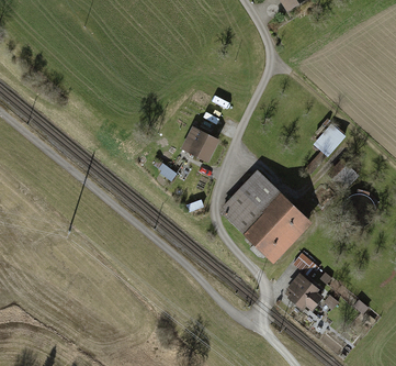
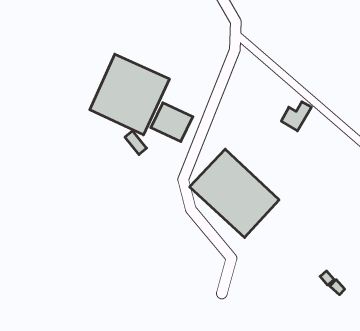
building: none -> [90,54,169,135]
building: [285,273,327,313] -> none

